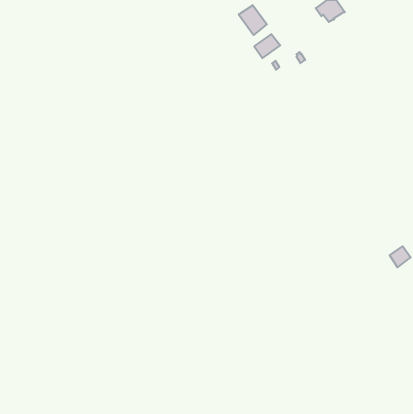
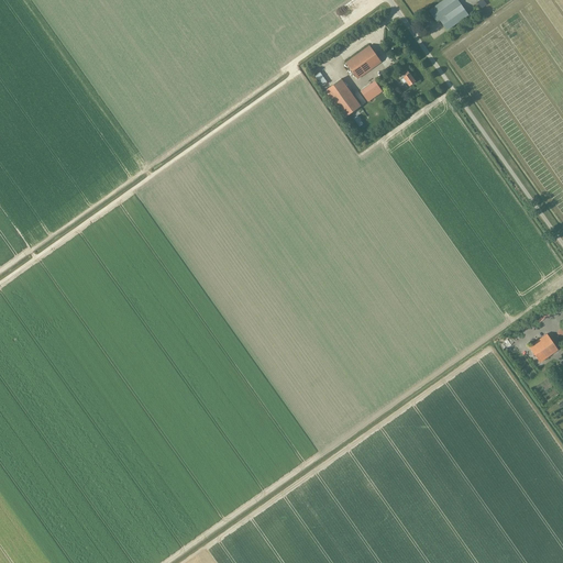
building: [239,5,267,35] -> none
building: none -> [324,78,360,117]

